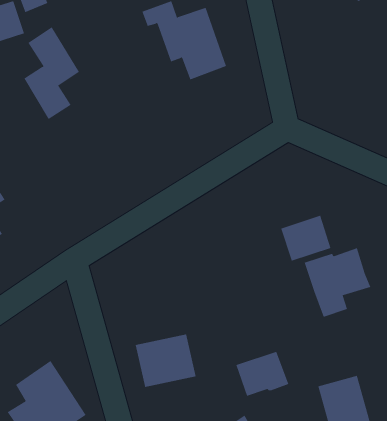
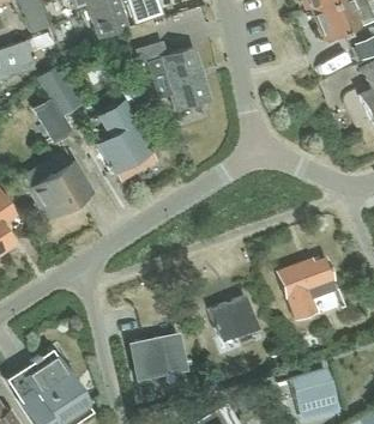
building: none -> [97,99,153,172]
building: none -> [23,162,91,217]
building: [281,215,331,262] -> none
building: [235,351,289,396] -> [210,295,257,334]

